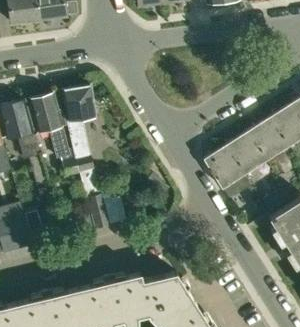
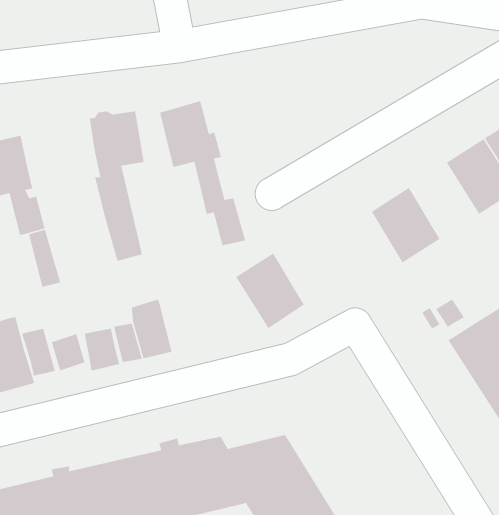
building: [29,92,79,176] -> [159,100,246,246]
building: [247,116,287,160] -> none
building: [203,144,243,188] -> [235,253,305,329]

